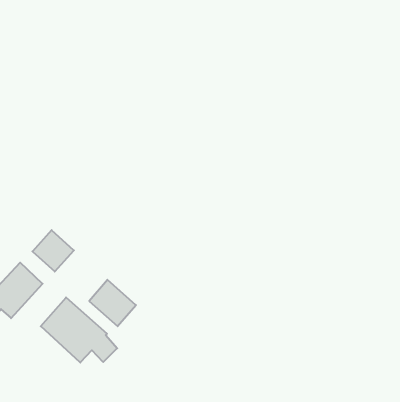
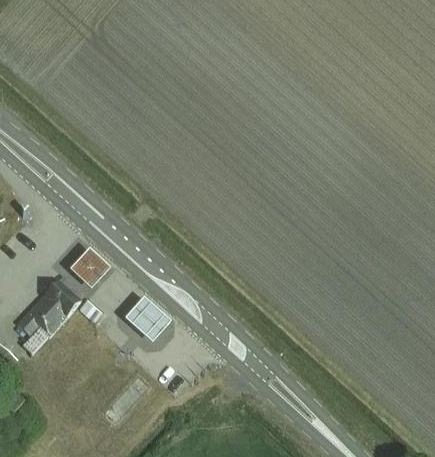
building: [41,297,117,363] -> none

